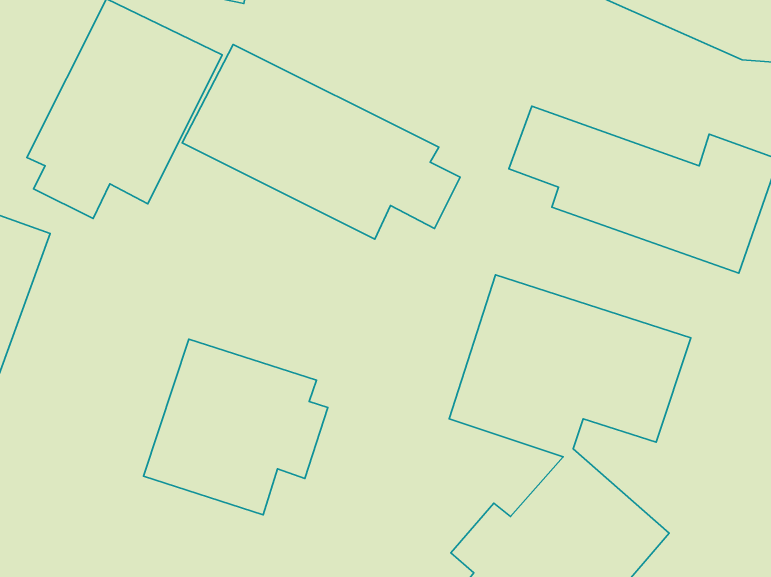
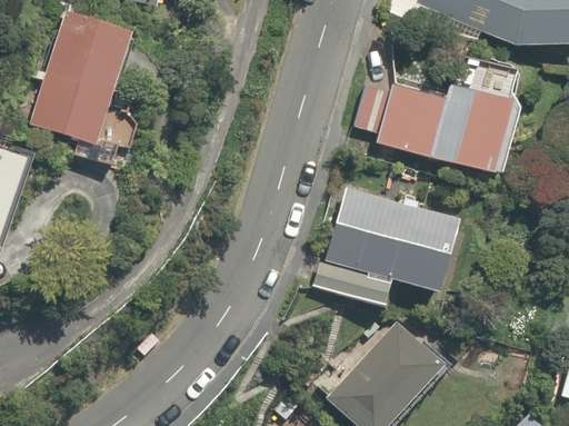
building: [182,44,460,239] -> none
building: [144,339,328,515] -> none

